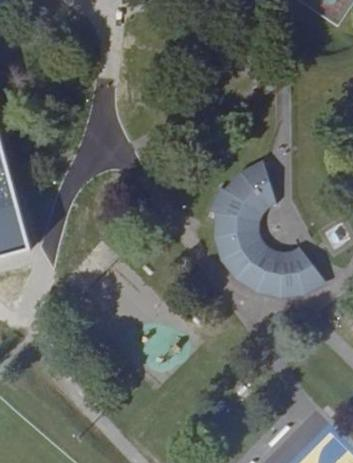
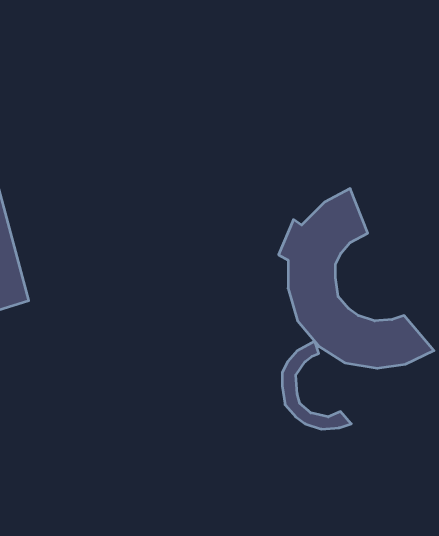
building: [251,195,302,260] -> [282,341,351,429]

